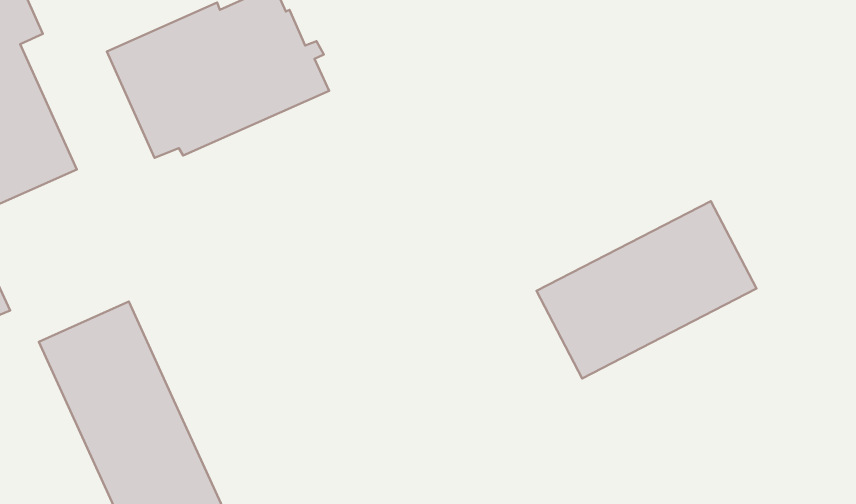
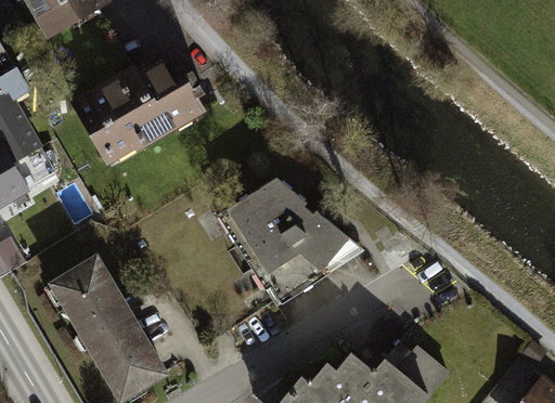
building: [537,201,756,378] -> none
building: none -> [216,178,363,310]

